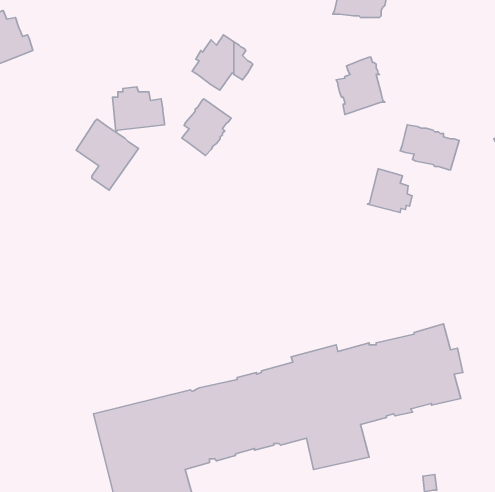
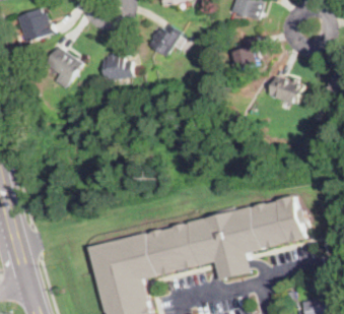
building: [182,99,231,156] -> none
building: [76,119,139,190] -> [45,47,81,88]
building: [368,169,412,212] -> none

